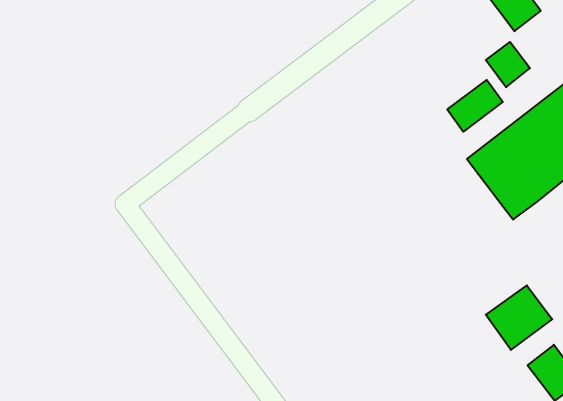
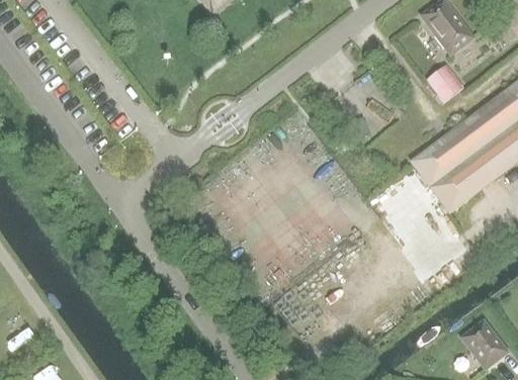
building: [447,80,503,132] -> none
building: [486,285,552,350] -> none

